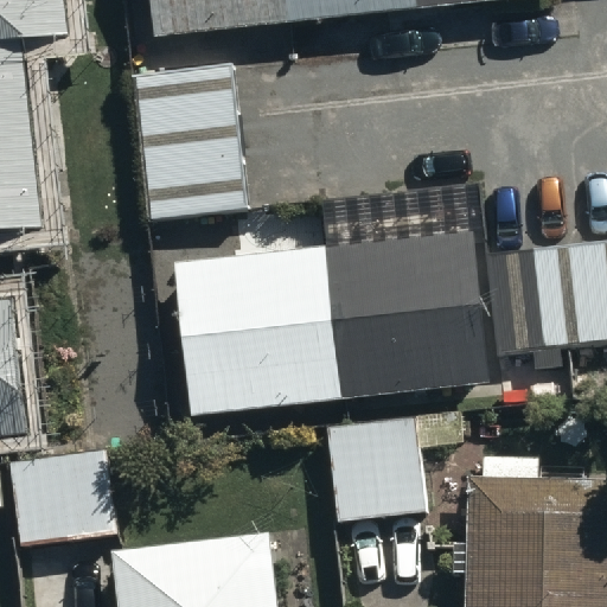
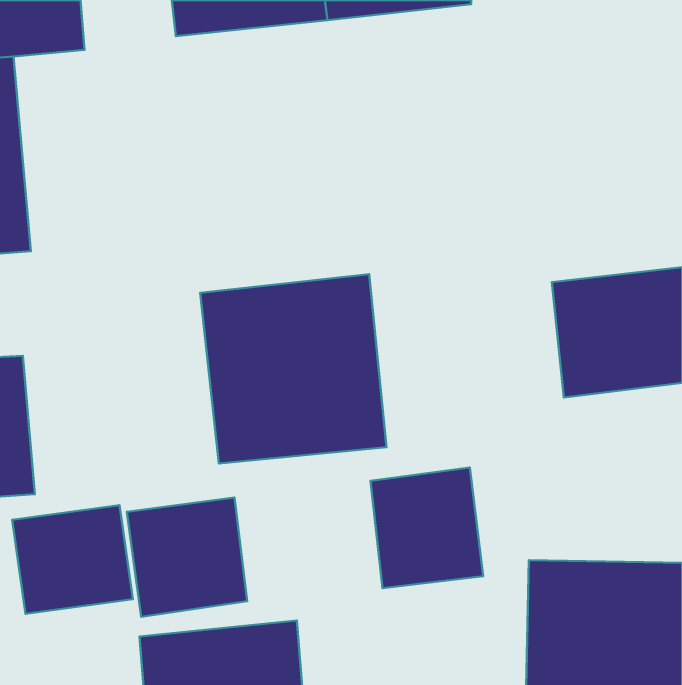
building: [134,60,250,221] -> none
building: [326,228,490,396] -> none
building: none -> [127,497,247,617]

